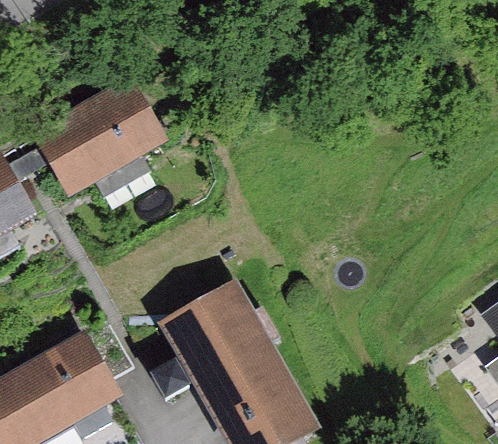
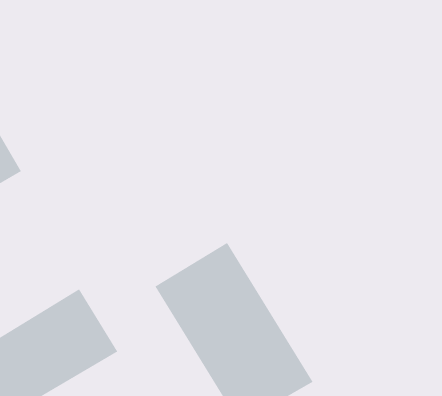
building: [43,80,168,193] -> none

